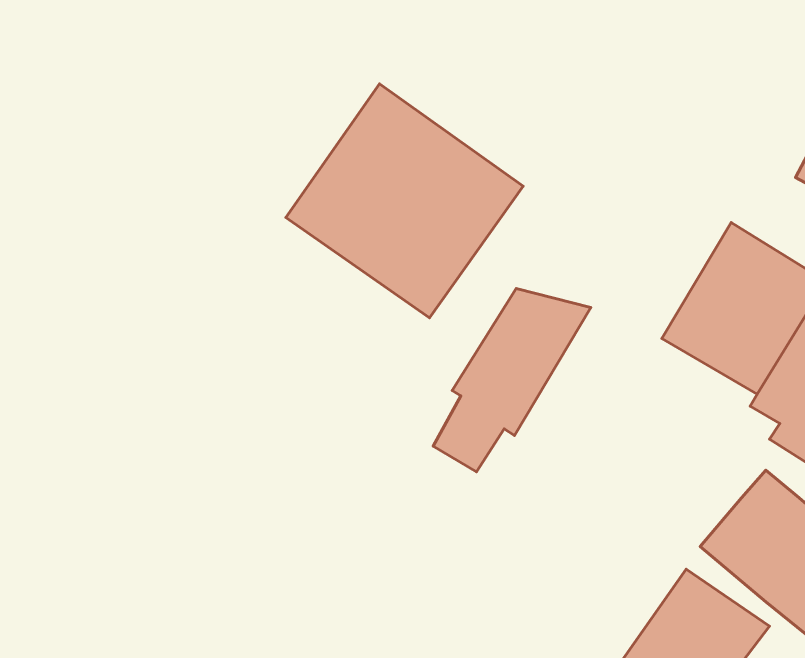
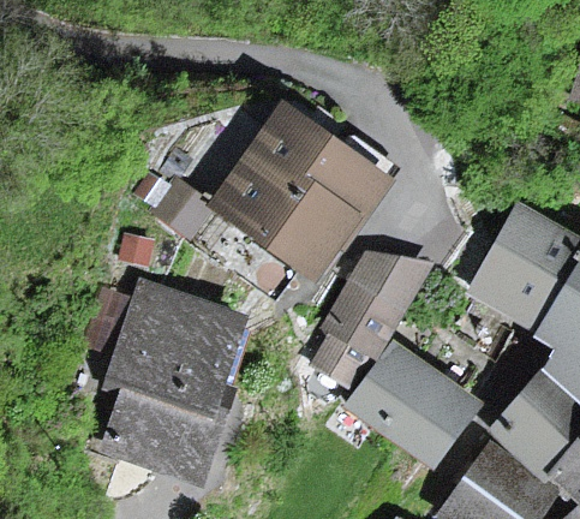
building: none -> [106,282,237,478]
building: none -> [352,347,471,459]

